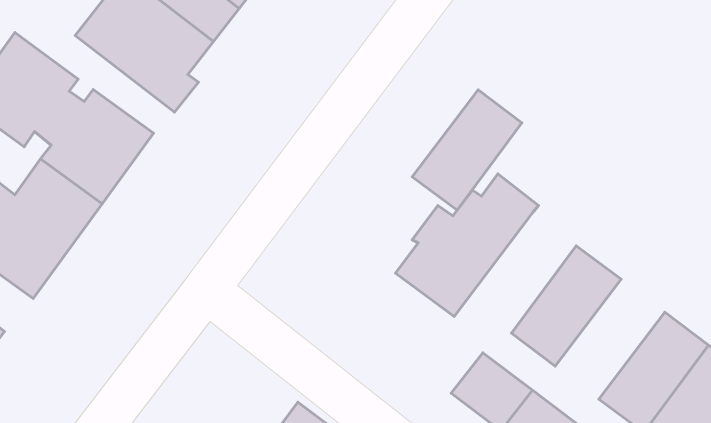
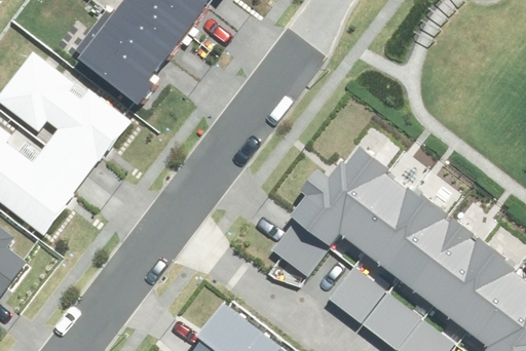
building: [412,90,522,210] -> [340,174,415,257]
building: none -> [401,220,476,302]
building: none -> [269,221,326,275]

